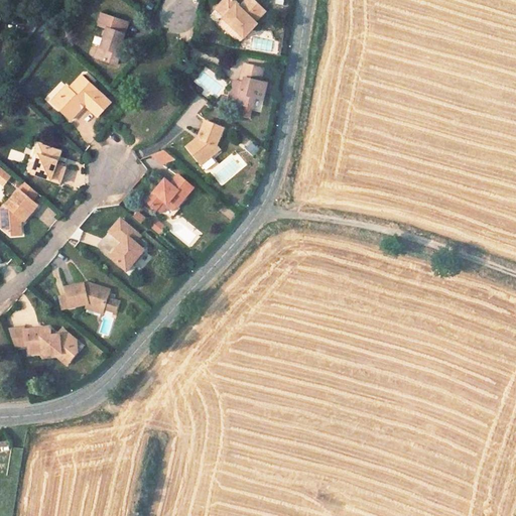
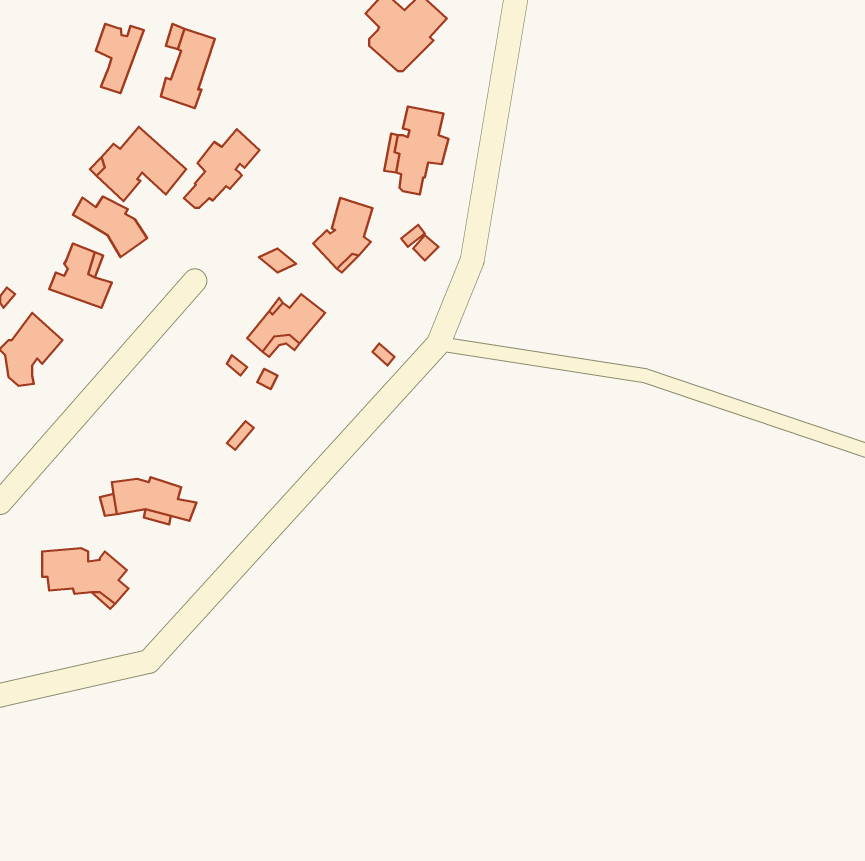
building: none -> [96,24,144,93]
building: none -> [184,129,260,208]
building: none -> [73,197,147,257]
building: [110,217,143,268] -> none

